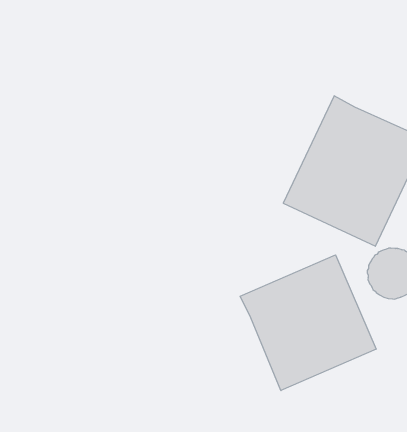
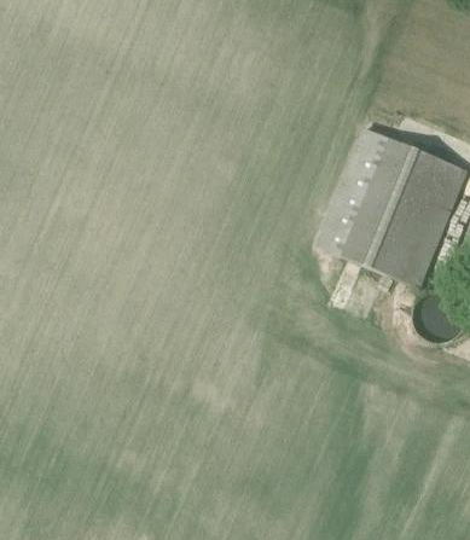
building: [240,255,376,391] -> none

